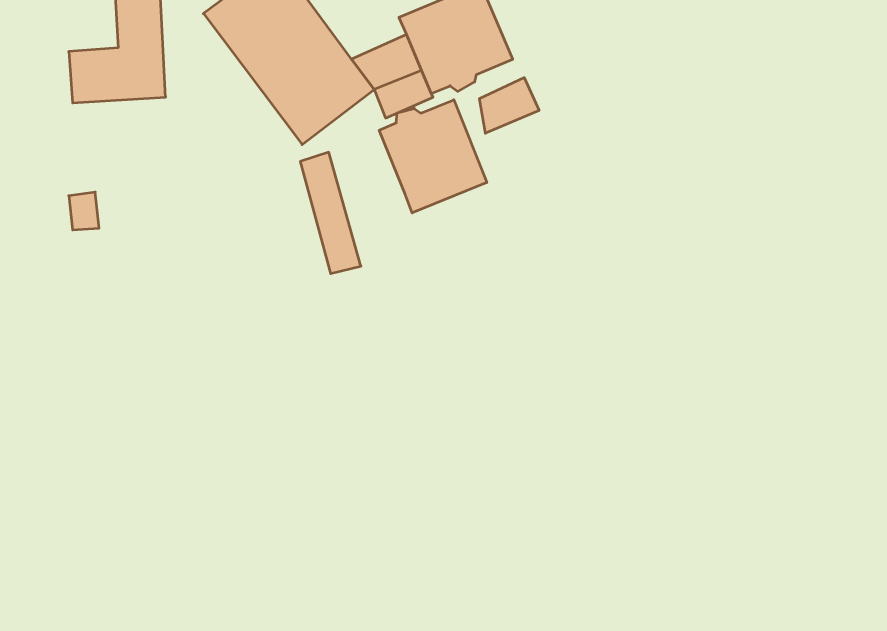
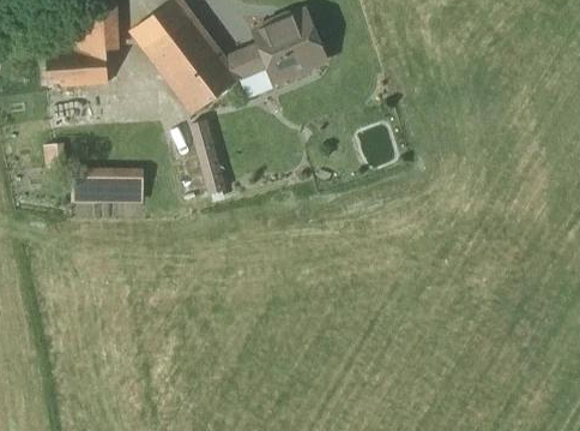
building: [479,78,539,133] -> none
building: [379,100,487,213] -> none
building: none -> [72,176,143,199]

